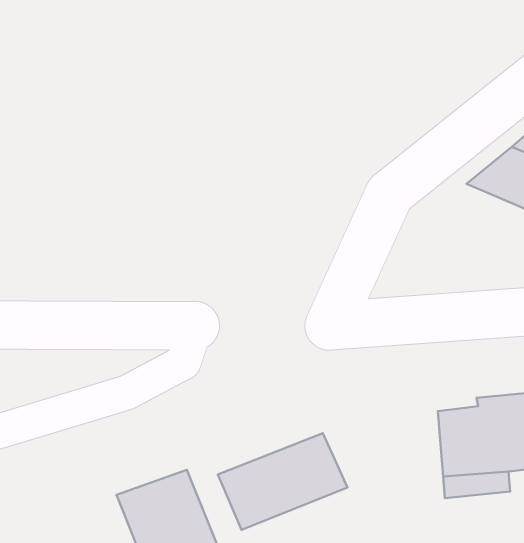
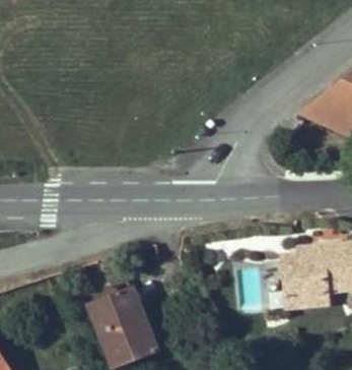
building: [218,433,348,530] -> none

